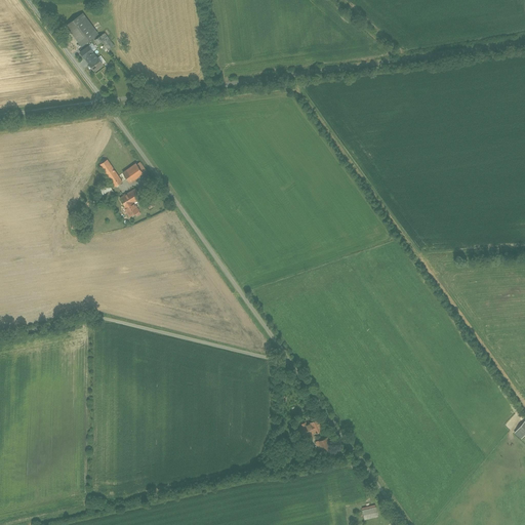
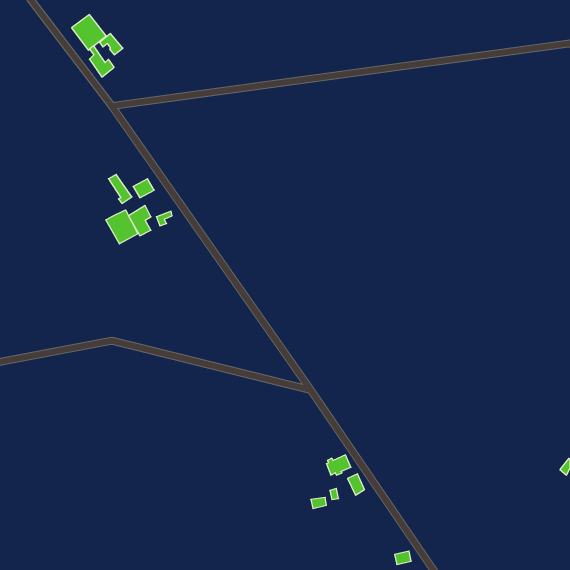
building: none -> [106,210,138,244]

